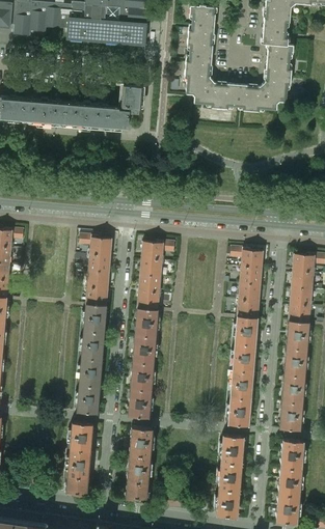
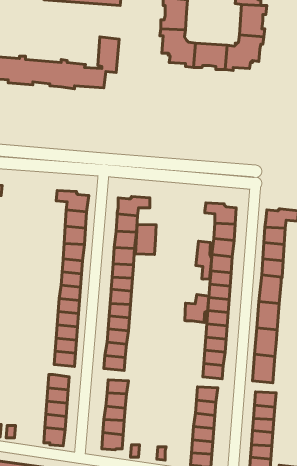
building: none -> [136,224,156,254]
building: none -> [196,241,212,279]
building: none -> [185,294,209,322]

